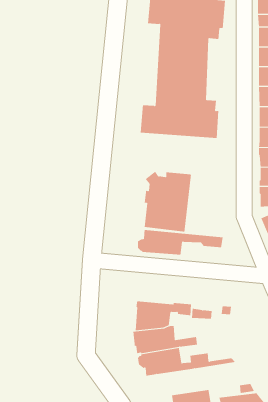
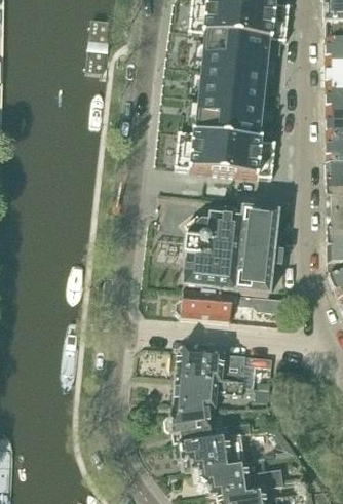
building: none -> [236,209,279,295]
building: none -> [173,349,269,381]
building: none -> [200,461,296,495]

